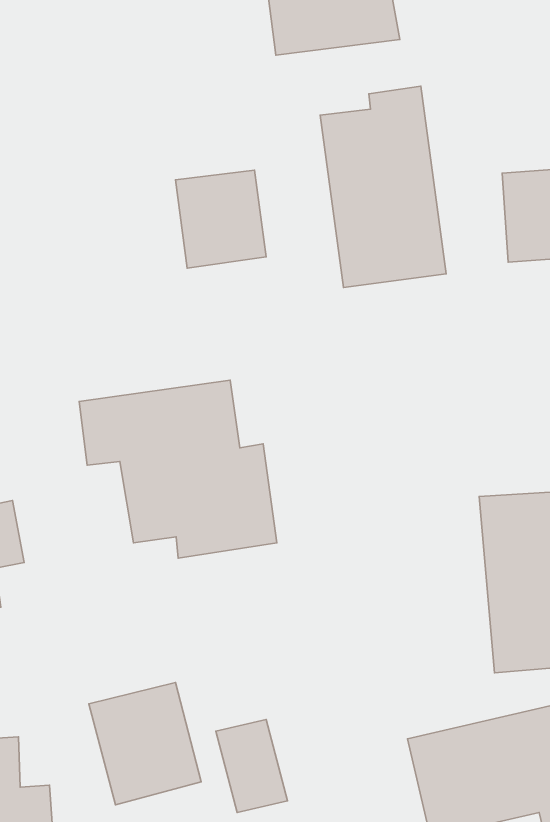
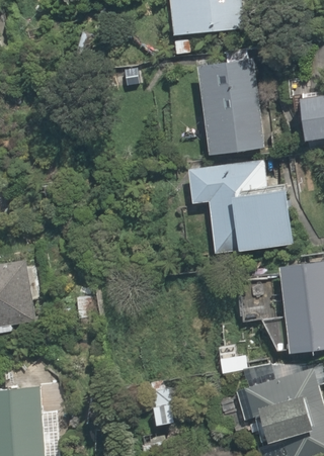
building: [175,170,266,268] -> none
building: [79,380,277,558] -> [182,161,286,254]
building: [89,683,201,805] -> none

